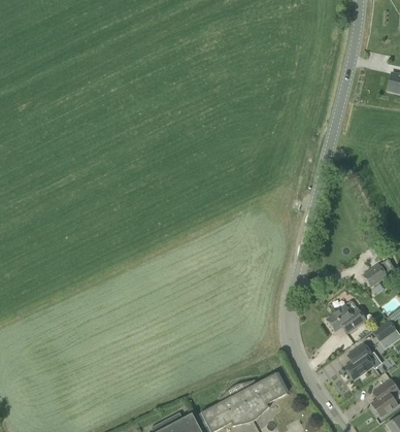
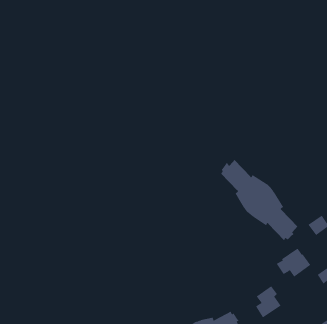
building: none -> [221,159,298,241]
building: [344,342,374,379] -> [255,286,281,318]

